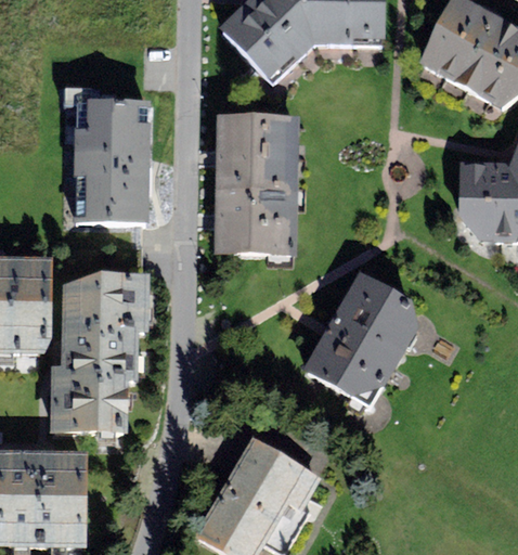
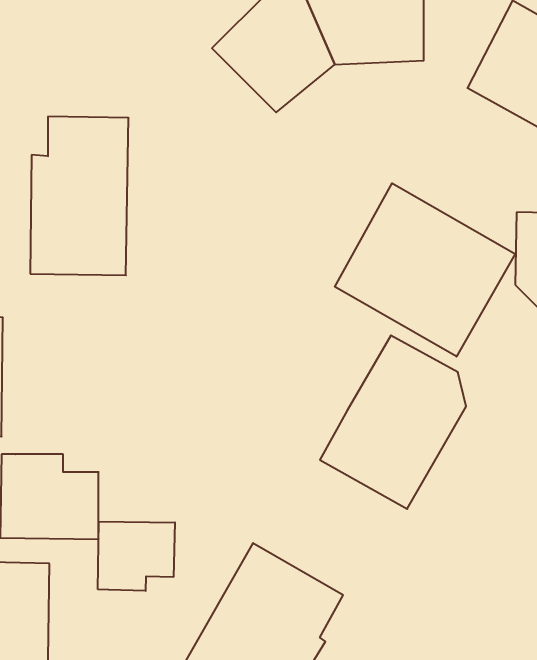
building: [215,126,299,261] -> none
building: none -> [335,183,515,357]
building: [62,267,150,376] -> none
building: none -> [98,521,175,591]

